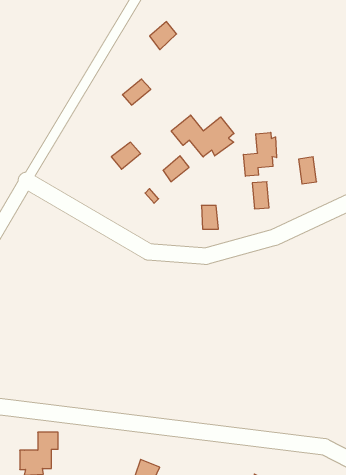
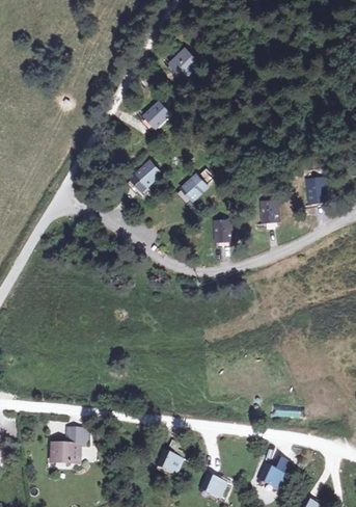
building: [171,115,234,157] -> none
building: [243,132,277,176] -> none

